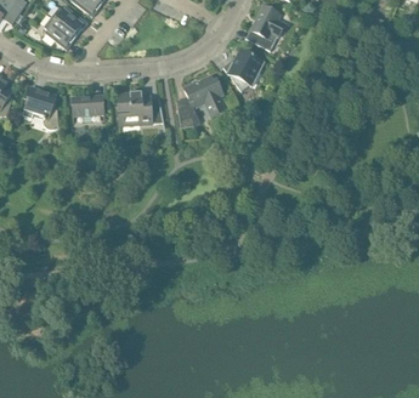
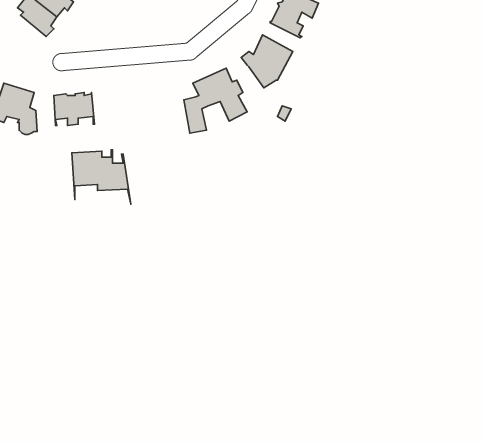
building: [118,90,165,133] -> [72,150,131,204]

